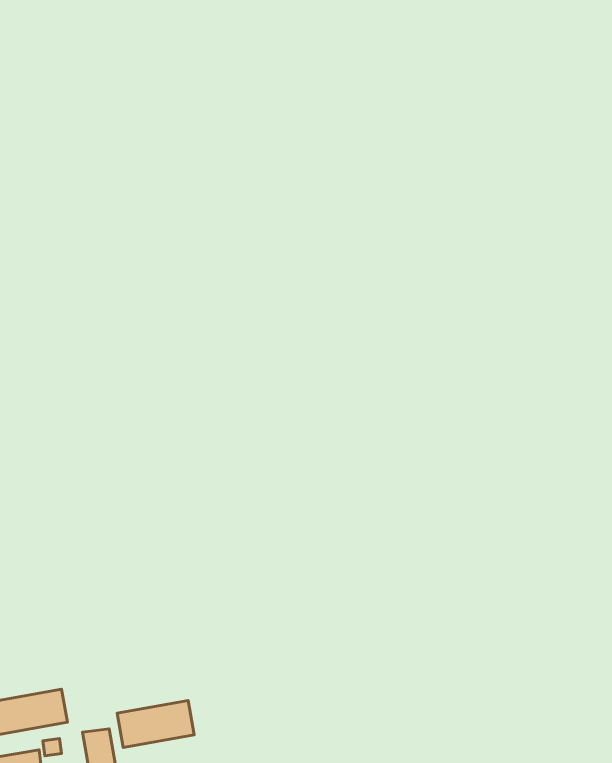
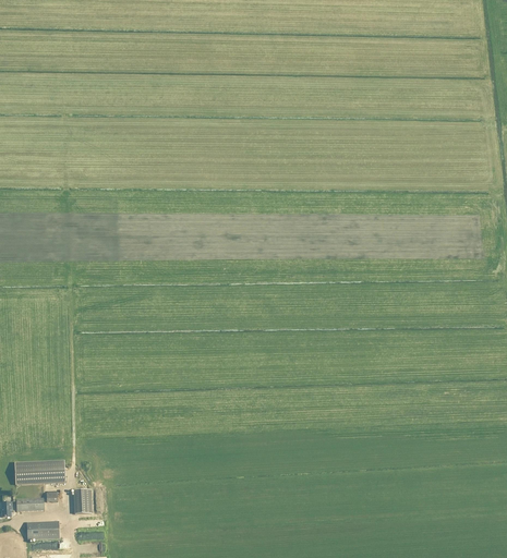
building: [117,701,194,747] -> none

